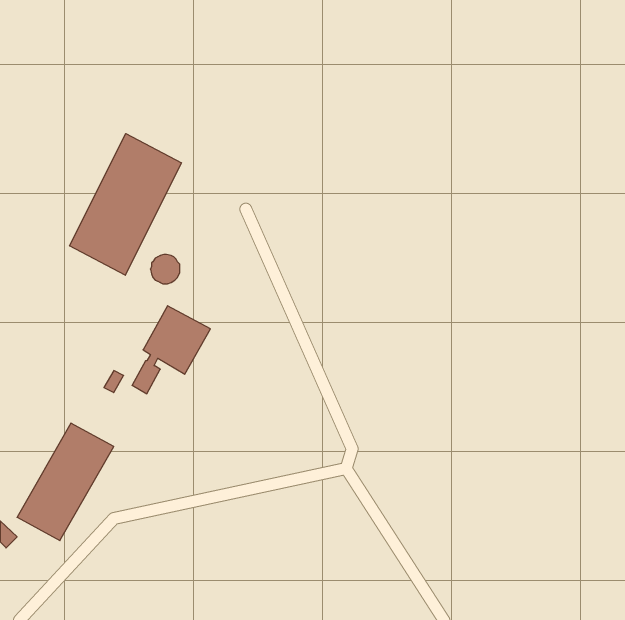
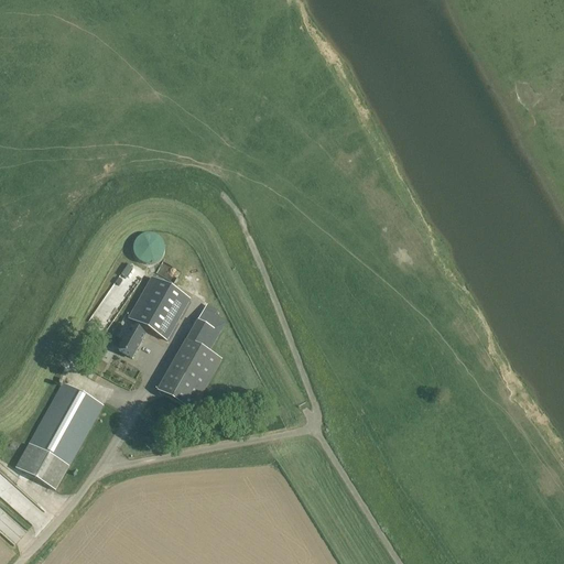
building: [70,134,181,275] -> none
building: none -> [158,307,225,408]

